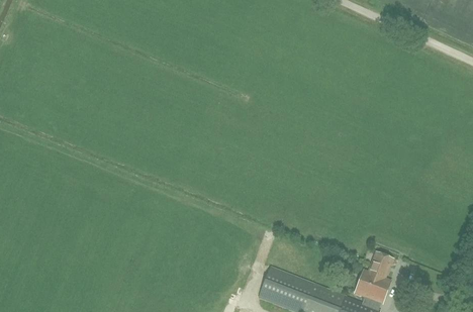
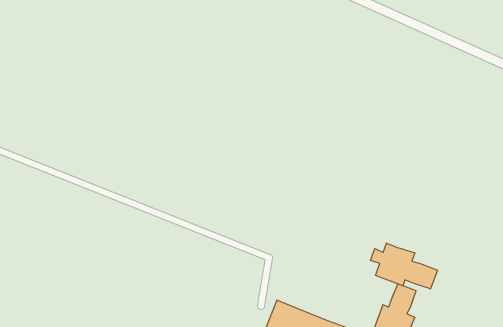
building: none -> [371,243,437,289]

